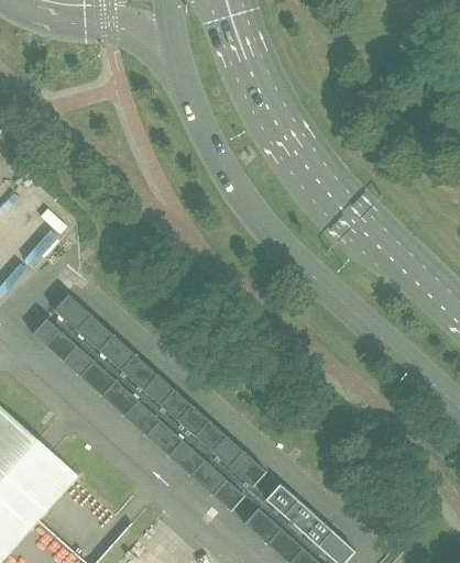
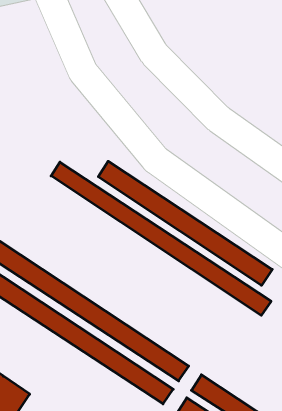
building: none -> [51,162,271,315]
building: none -> [98,161,272,285]

